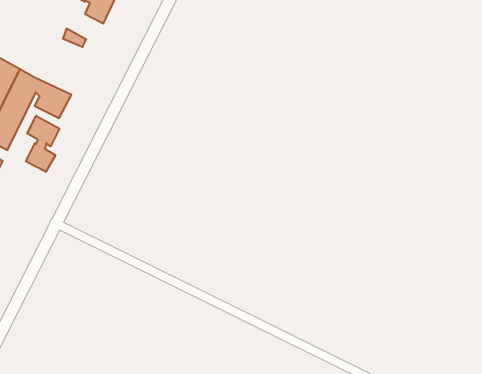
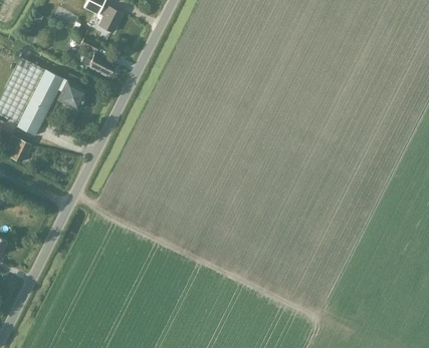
building: none -> [80,53,116,77]
building: [26,116,59,172] -> none

